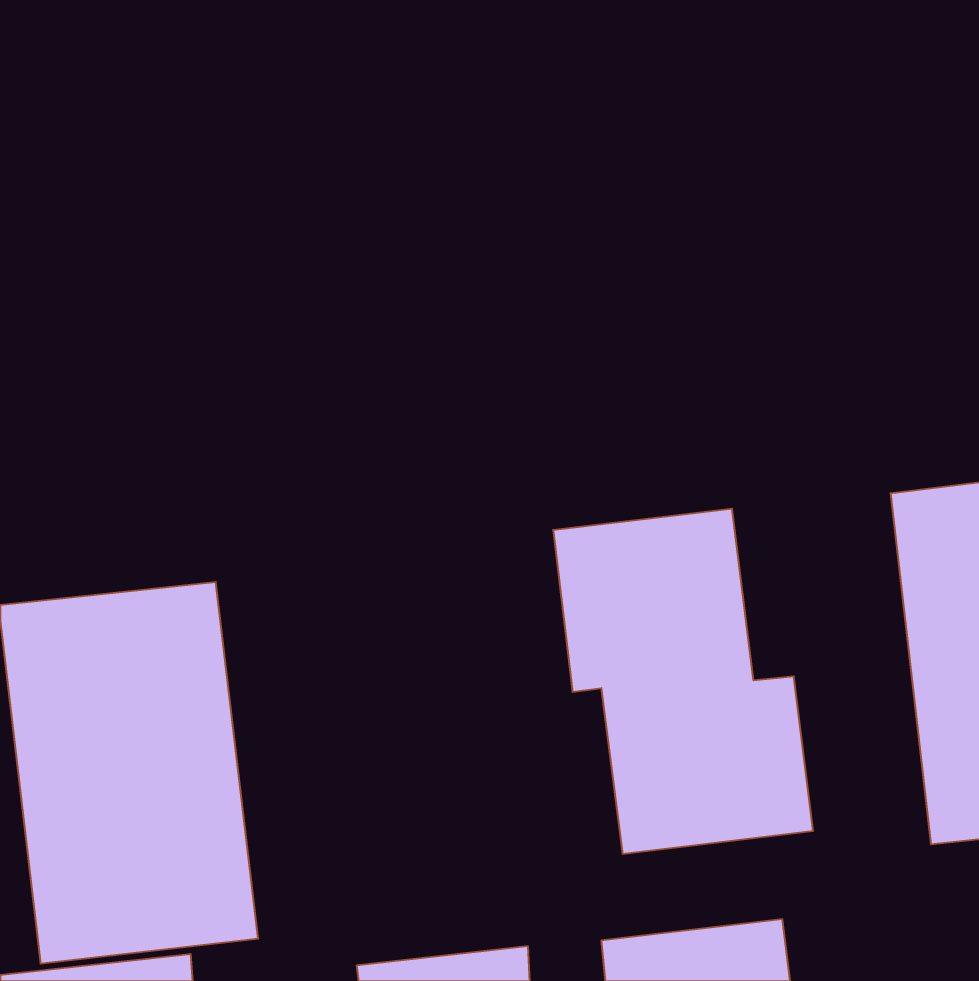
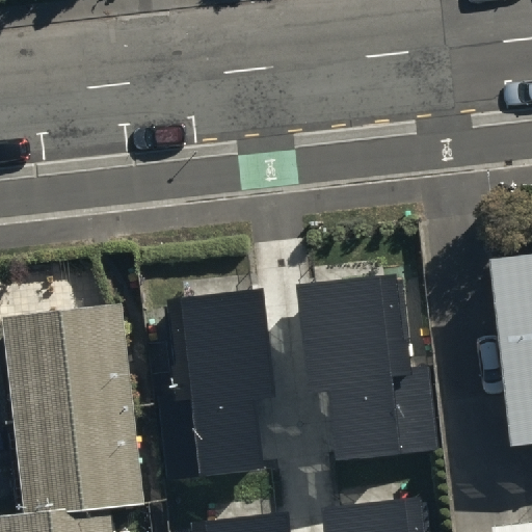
building: none -> [170,288,278,473]

